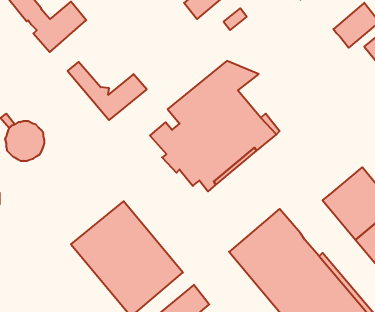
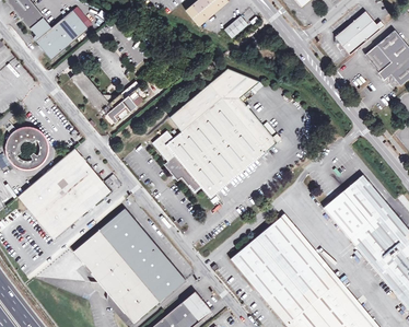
building: none -> [19,148,110,238]

